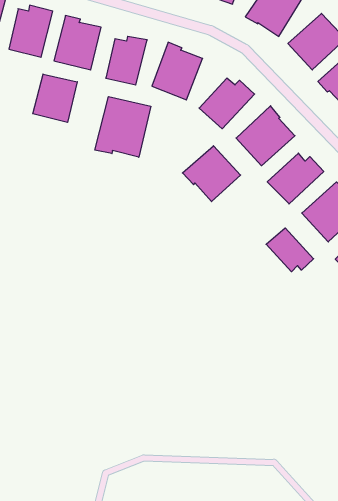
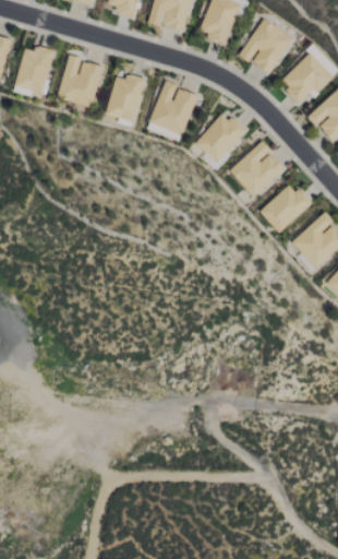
building: [33,74,77,122] -> none
building: [95,97,151,157] -> none
building: [182,146,241,202] -> none
building: [266,228,314,272] -> none

